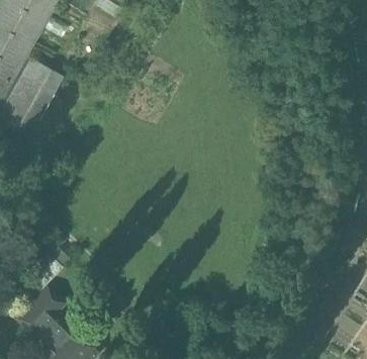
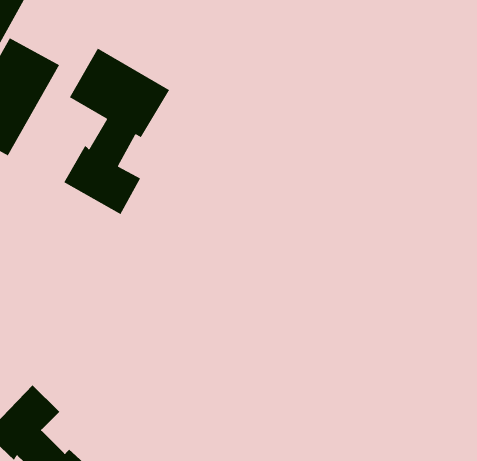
building: none -> [63,48,170,215]

